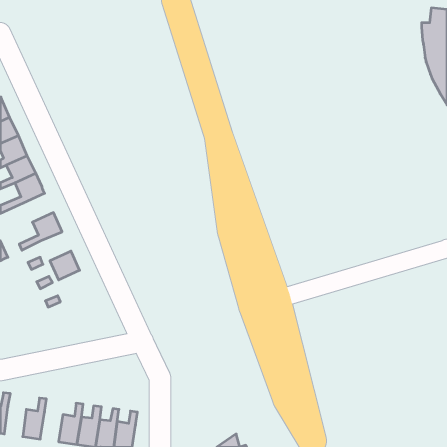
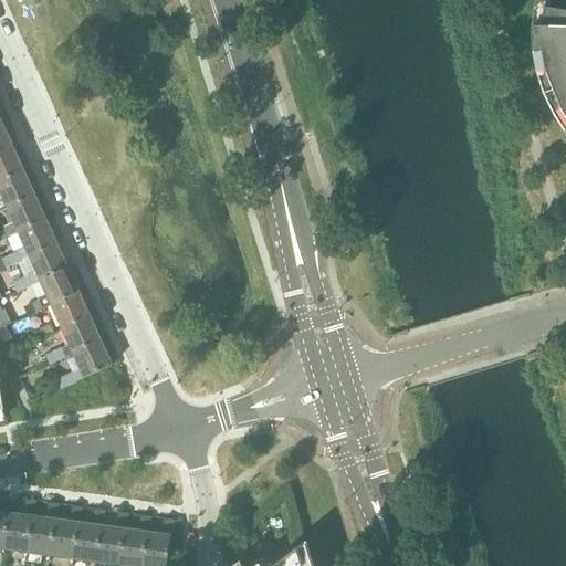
building: none -> [13,244,67,292]
building: none -> [52,293,90,329]
building: none -> [74,342,112,378]
building: none -> [6,500,35,552]
building: none -> [51,506,82,558]

